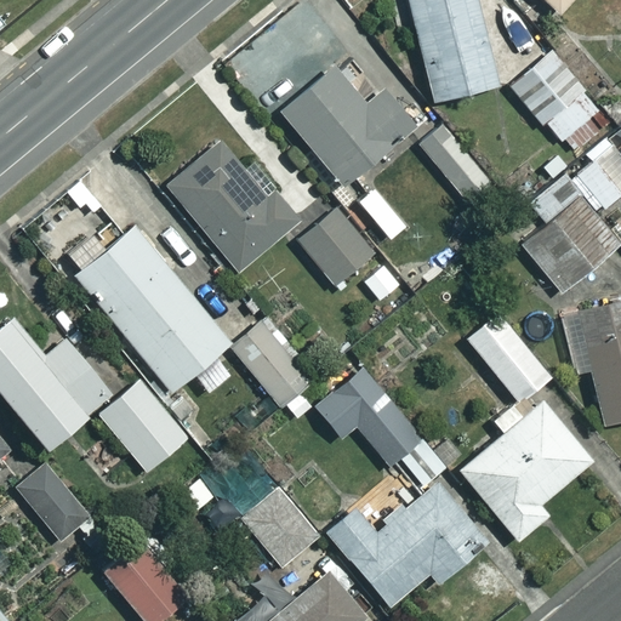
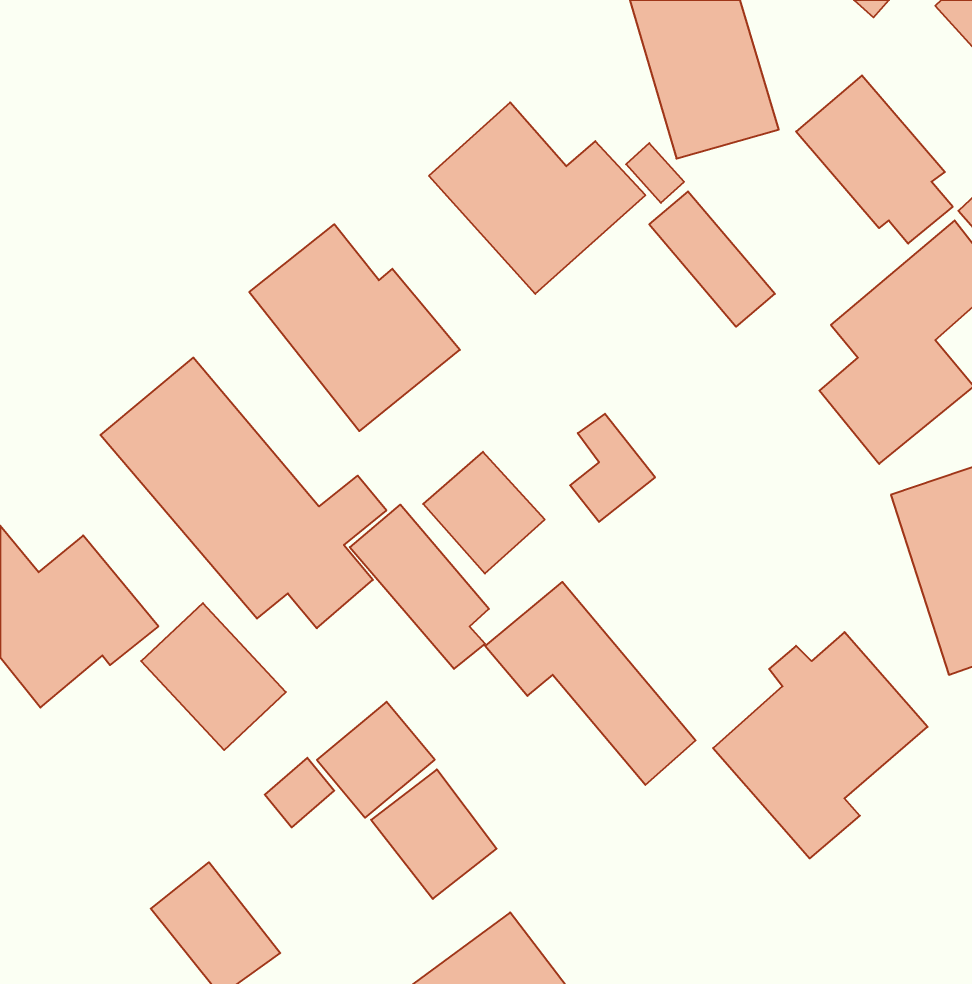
building: [298,209,375,285] -> [423,452,545,574]
building: [466,313,551,403] -> none
building: [18,468,98,554] -> none
building: [325,482,486,606] -> none

